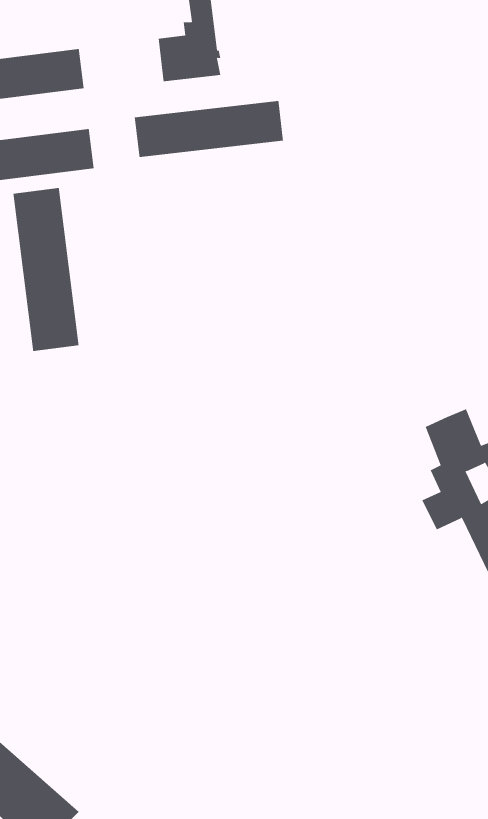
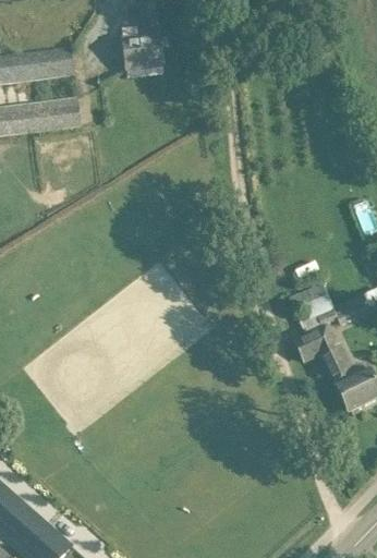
building: [134,100,283,158] -> none
building: [13,187,79,352] -> none

